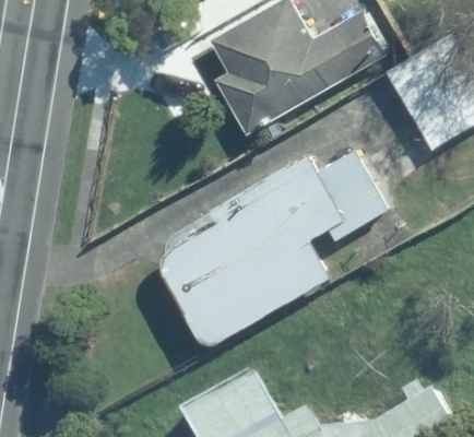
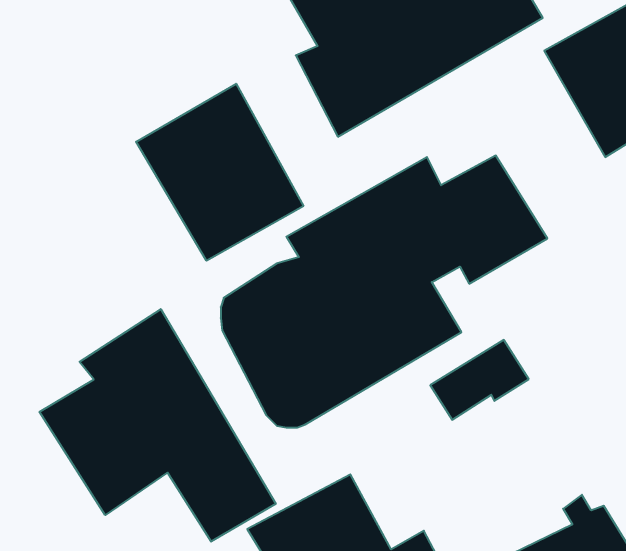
building: none -> [136,84,303,261]
building: none -> [40,309,276,542]

